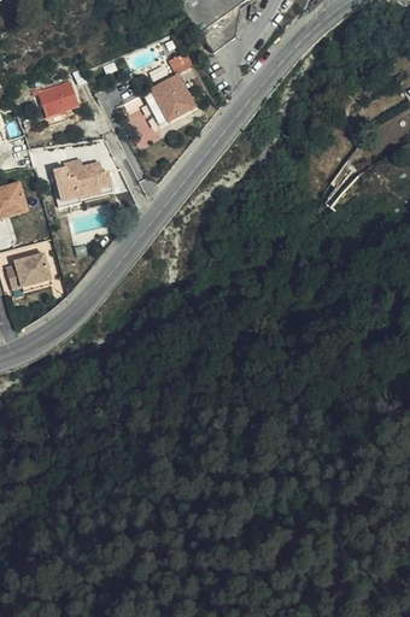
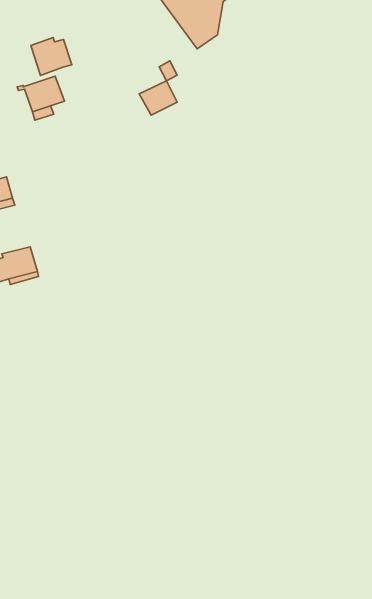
building: none -> [31,37,72,75]
building: [53,161,111,200] -> none

